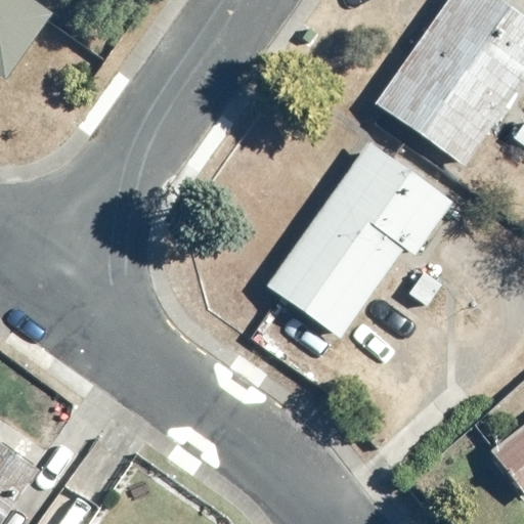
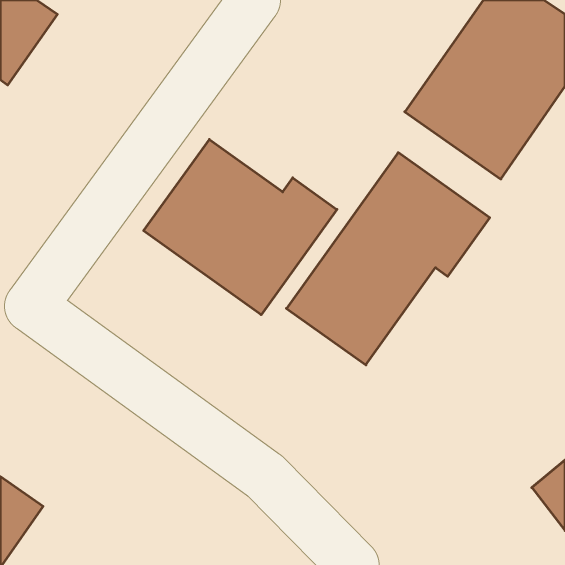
building: none -> [144,139,337,315]

